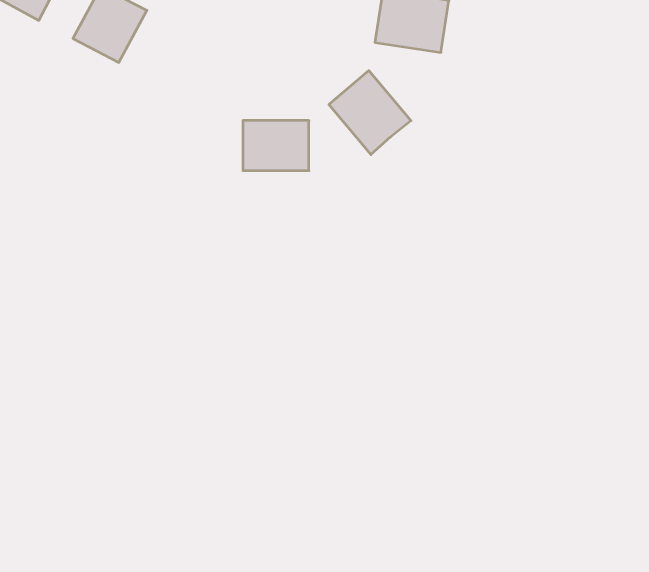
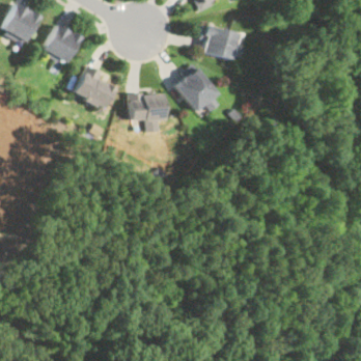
building: none -> [76,65,116,108]

